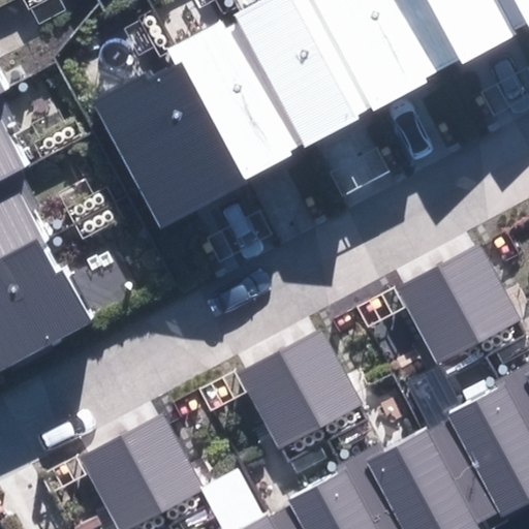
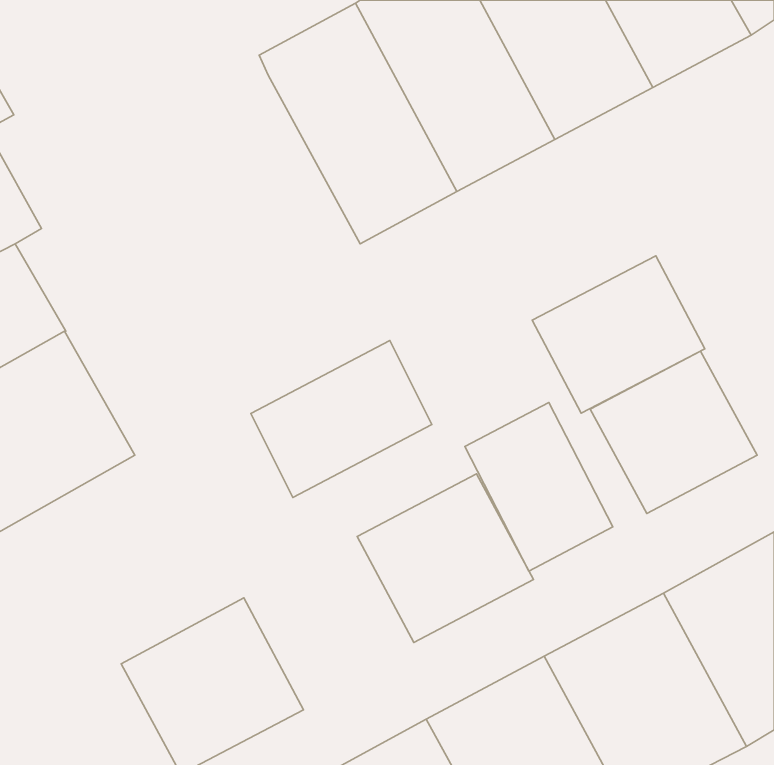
building: [97,63,247,229] -> none
building: none -> [532,256,705,413]
building: none -> [251,340,432,497]
building: none -> [465,403,613,571]

